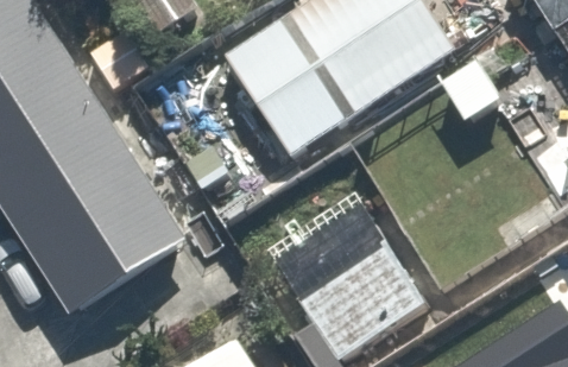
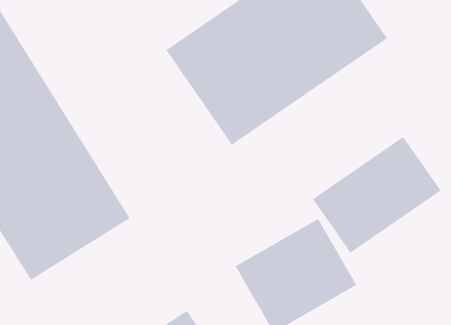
building: none -> [312,136,442,253]

